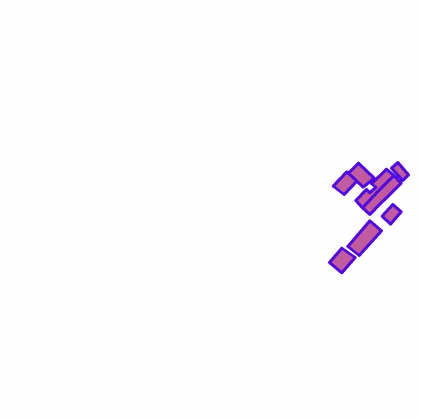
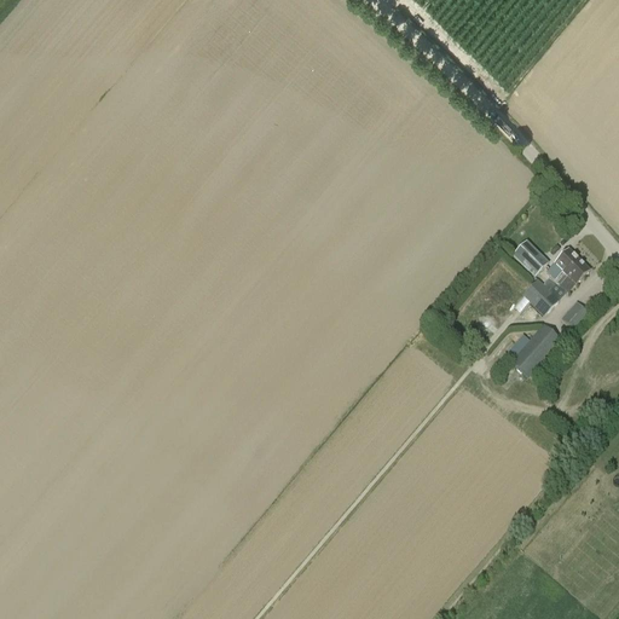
building: [333,172,357,195] -> none
building: [329,248,355,273] -> none

